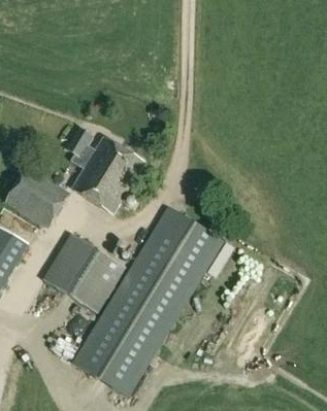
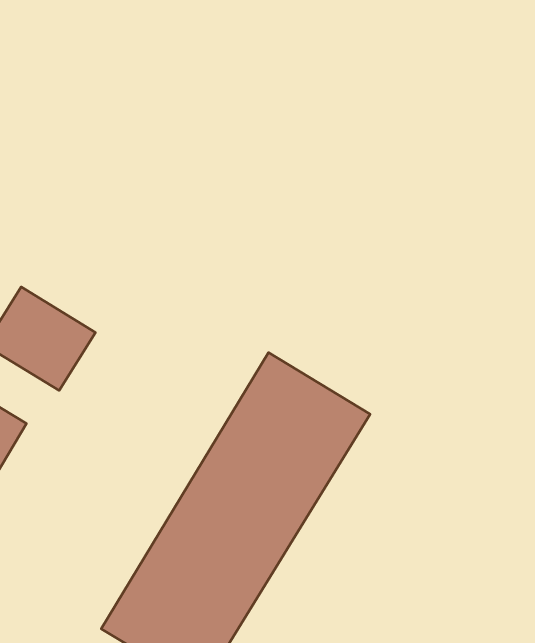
building: [66,128,143,213] -> none
building: [42,233,127,313] -> none

